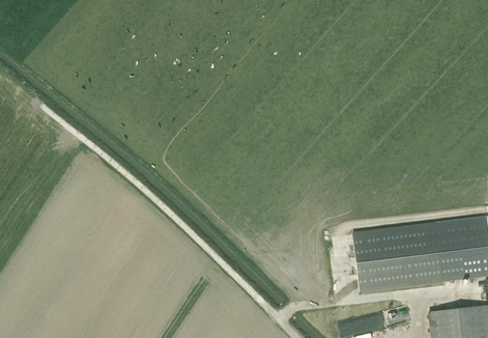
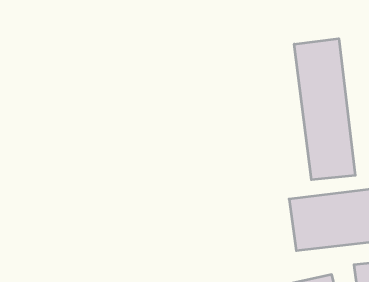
building: none -> [294,39,355,180]

